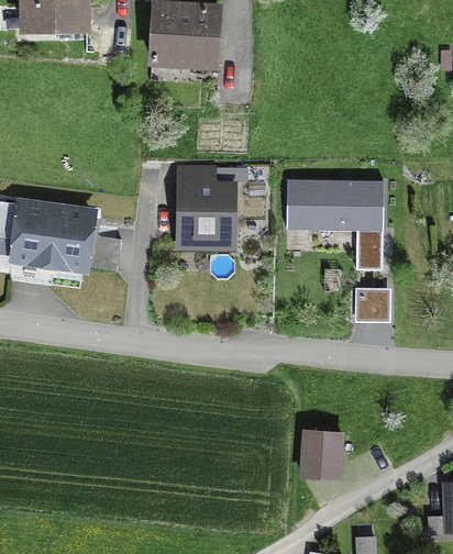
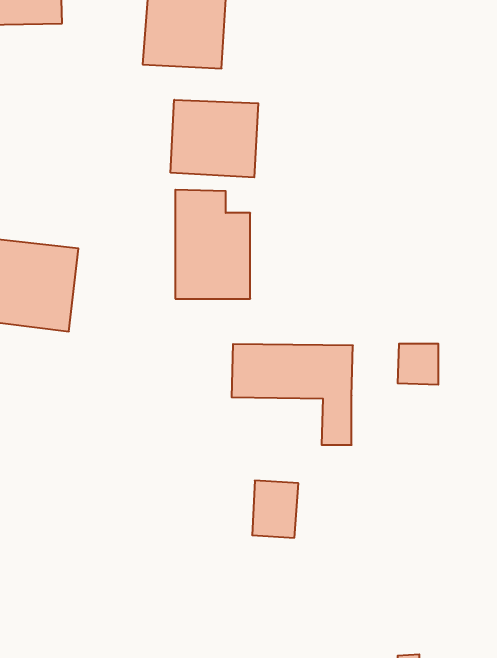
building: none -> [171,100,258,177]
building: [285,185,383,266] -> [232,344,353,445]
building: [301,431,339,477] -> [252,481,298,538]

